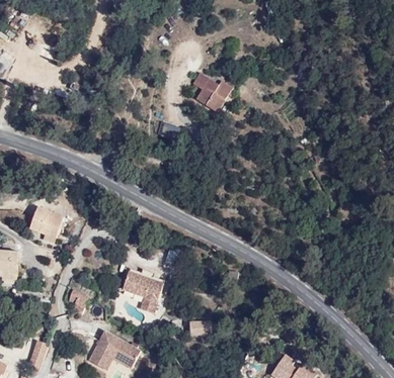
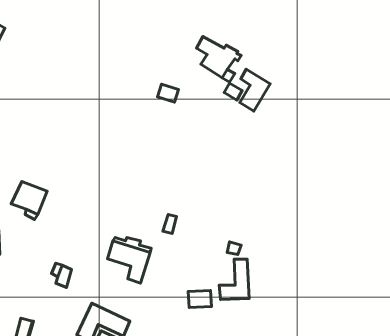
building: none -> [240,69,270,111]
building: none -> [219,259,249,300]

